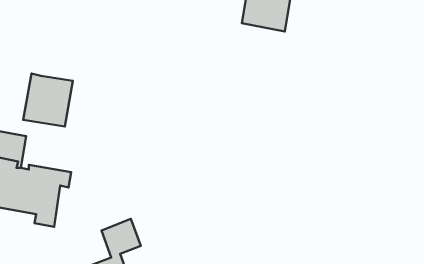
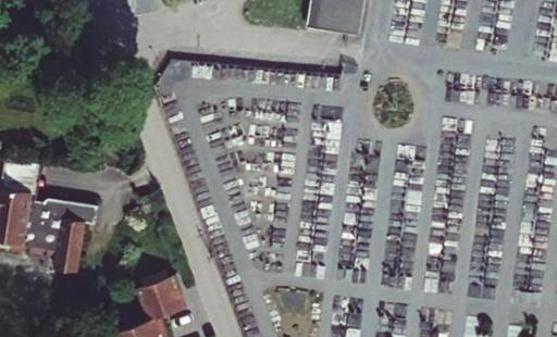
building: [23,74,73,126] -> none

